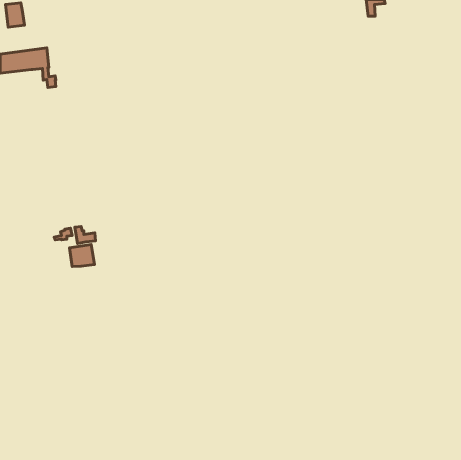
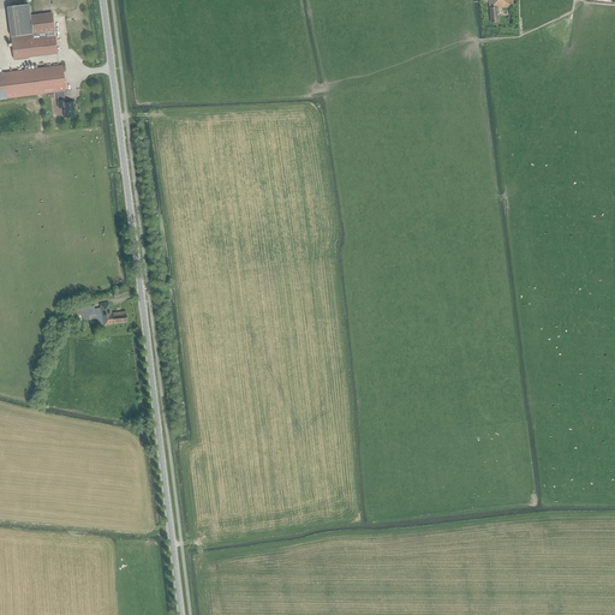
building: none -> [11,12,56,59]
building: [69,244,94,267] -> none

